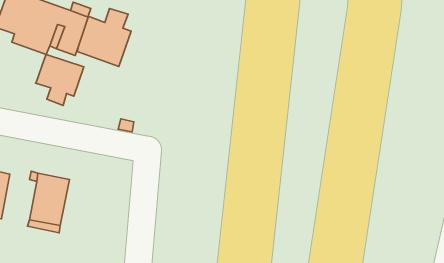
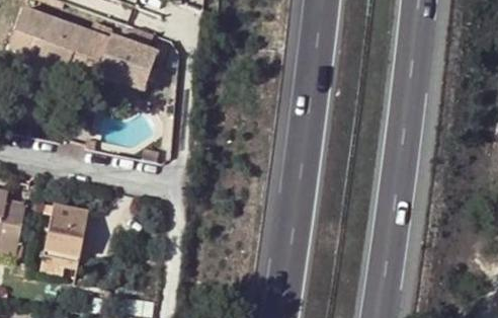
building: [36,54,84,105] -> none

